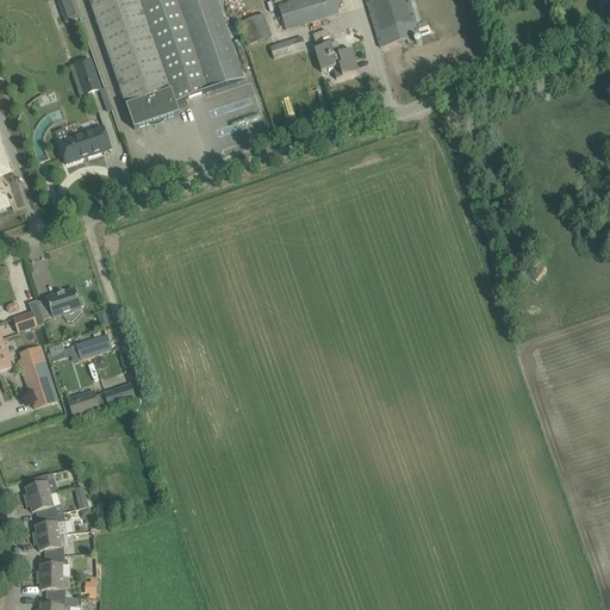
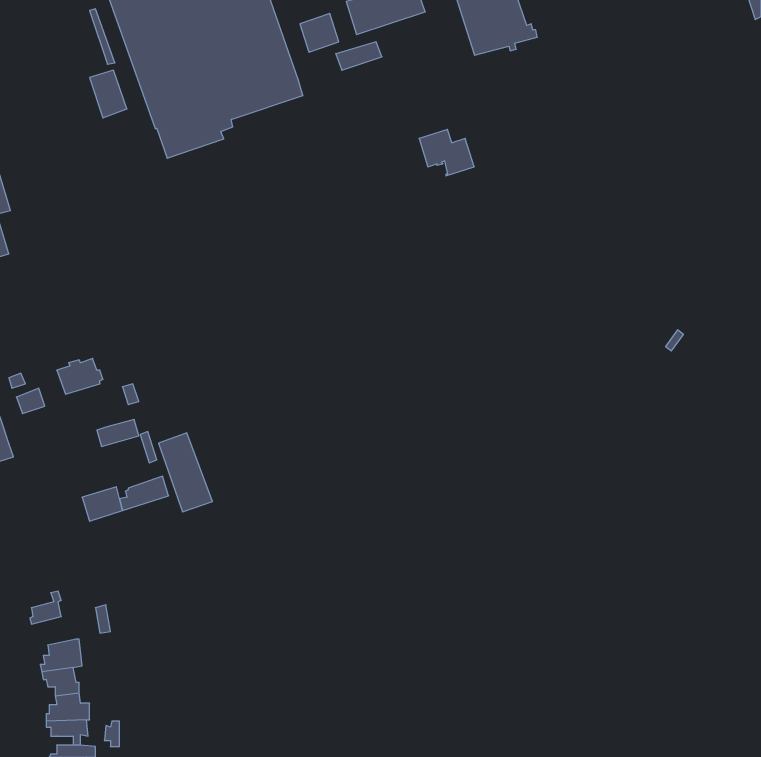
building: [313,39,357,76] -> [419,129,474,176]
building: [55,125,110,161] -> none
building: [15,342,58,405] -> [159,433,212,512]
building: [25,490,61,515] -> none

